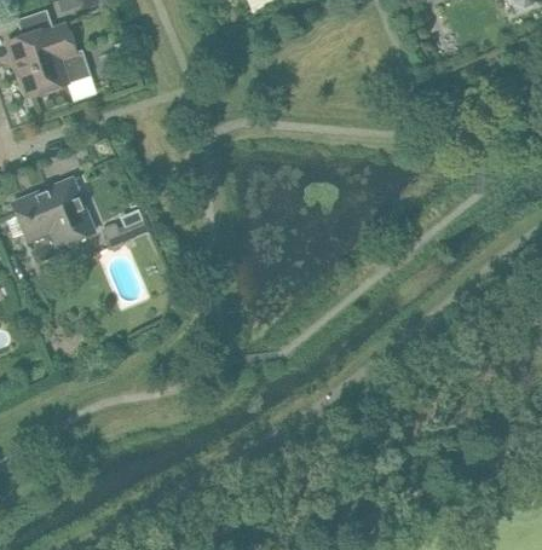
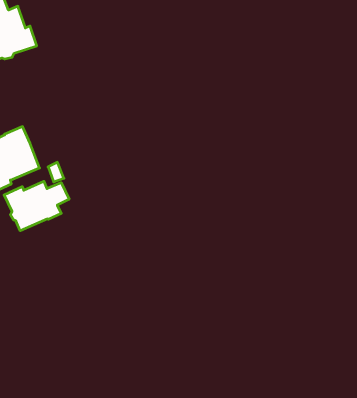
building: none -> [4,181,69,231]

